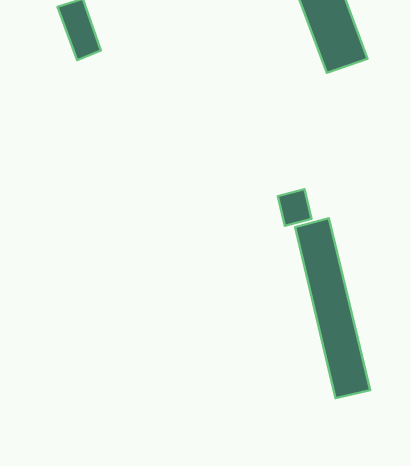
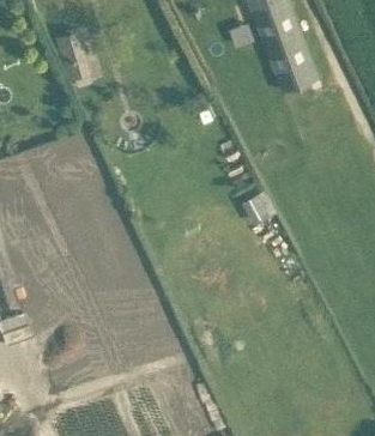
building: [295,218,370,398] -> none

